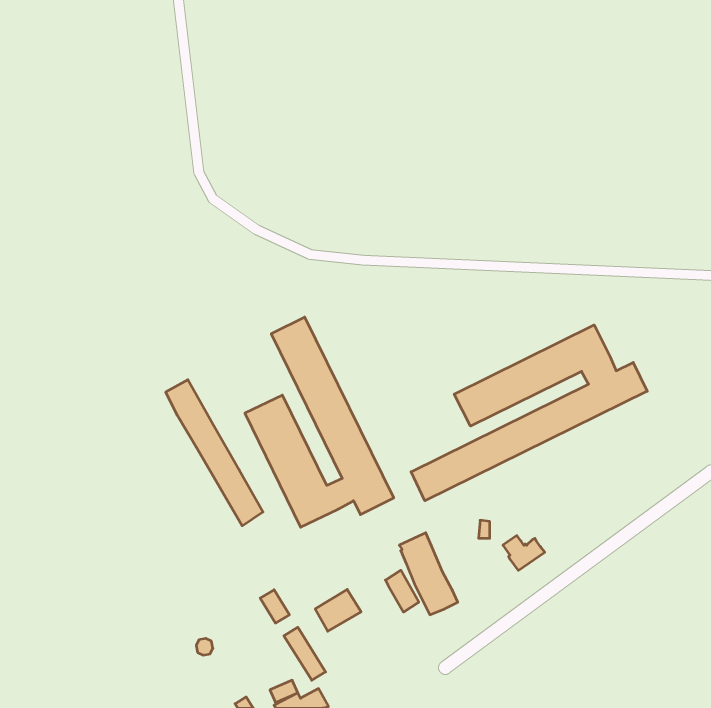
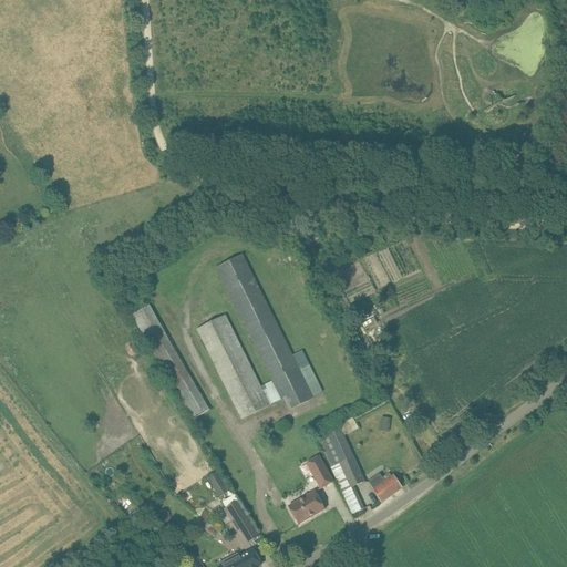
building: [411,325,647,501] -> none
building: [503,536,545,570] -> [369,472,402,499]
building: [315,589,361,631] -> [289,489,326,523]

